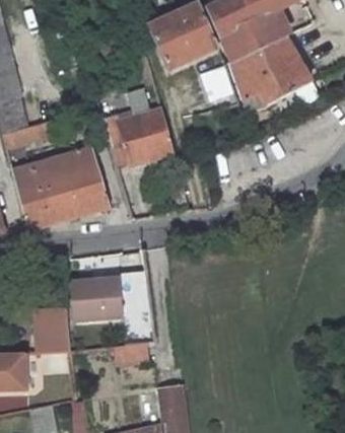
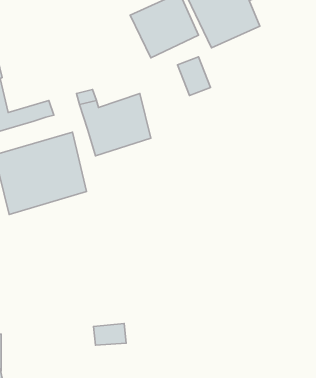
building: [235,37,312,107] -> none
building: [70,276,122,318] -> none
building: [31,307,69,351] -> none

